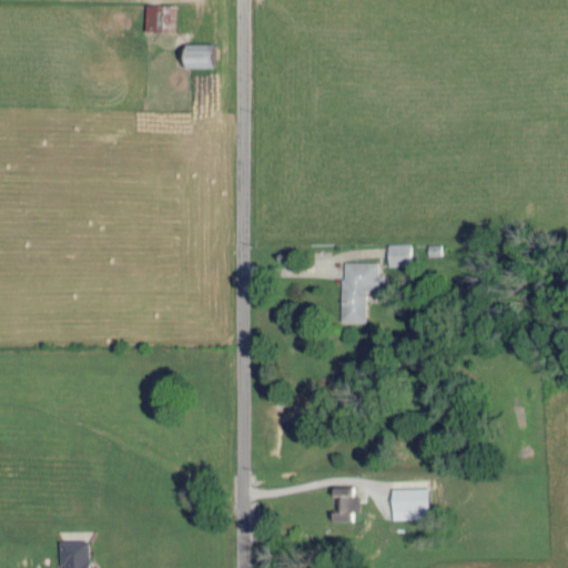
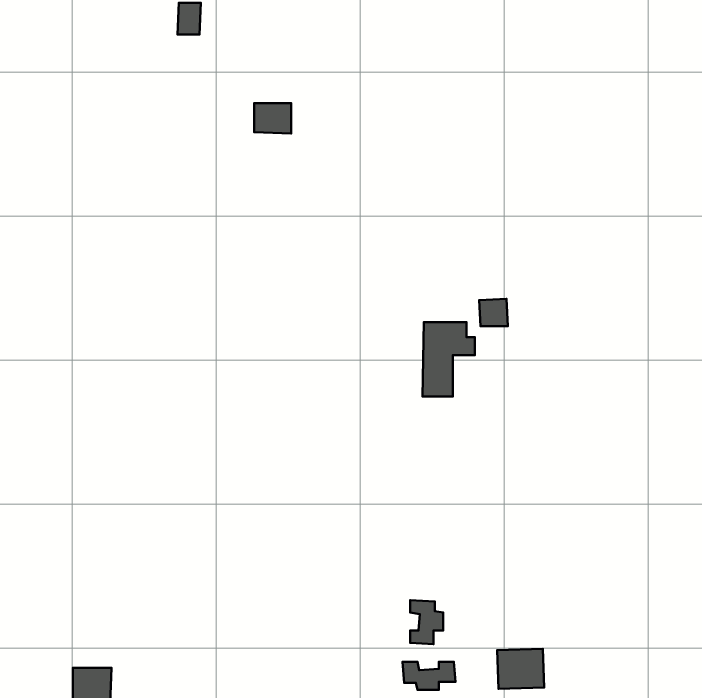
building: [183,45,213,70] -> [254,103,291,134]
building: [390,489,428,521] -> [497,649,544,689]
building: none -> [402,662,456,690]

